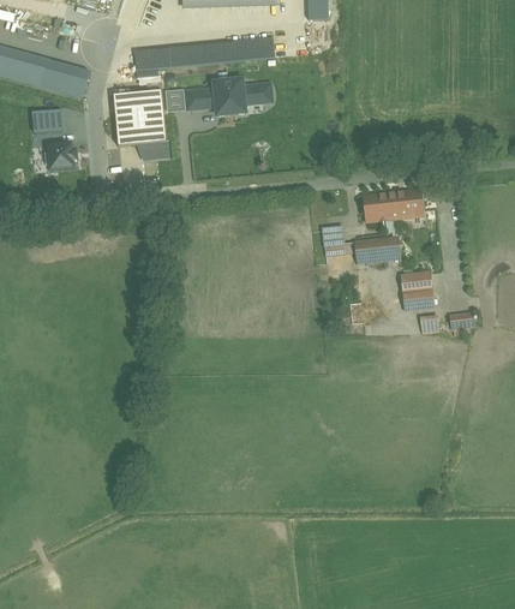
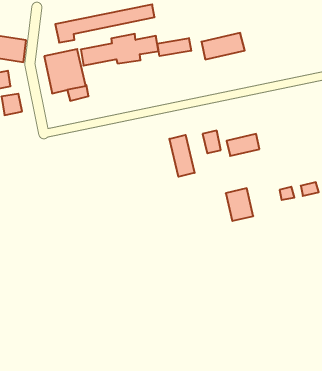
building: none -> [157,38,191,56]
building: [363,190,421,221] -> [201,33,245,59]
building: none -> [169,135,195,177]
building: [399,265,433,309] -> [226,188,253,221]

